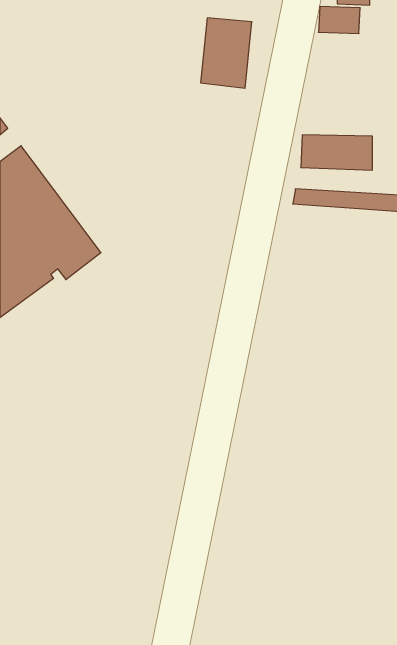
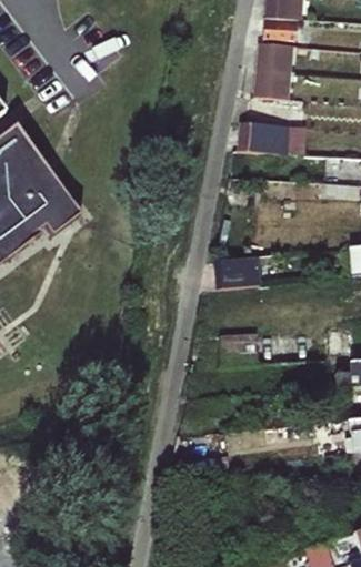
building: [201,18,252,88] -> [257,37,299,94]

